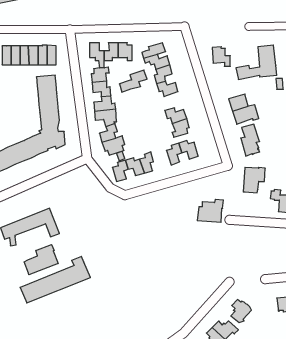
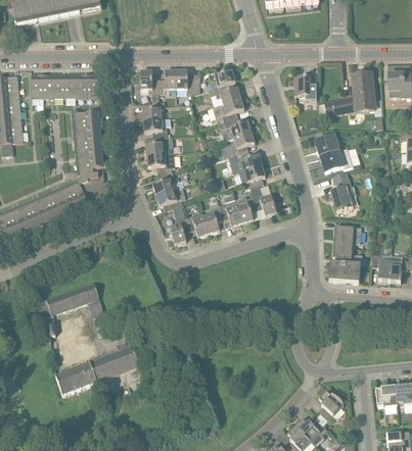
building: [119,70,147,92] -> [220,130,255,157]
building: none -> [217,197,242,224]
building: [197,199,223,222] -> [328,252,361,281]
building: [24,245,58,275] -> none

